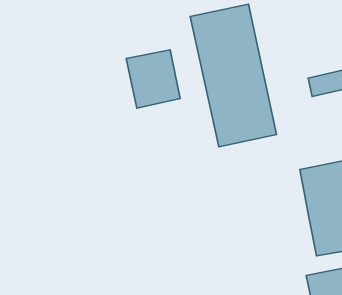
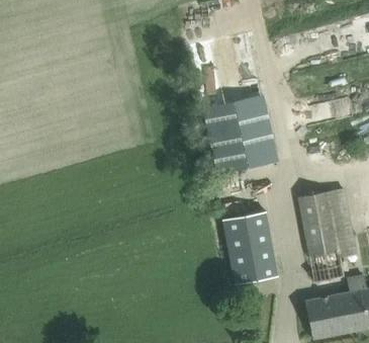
building: [126,50,180,108] -> none
building: none -> [222,211,277,284]

